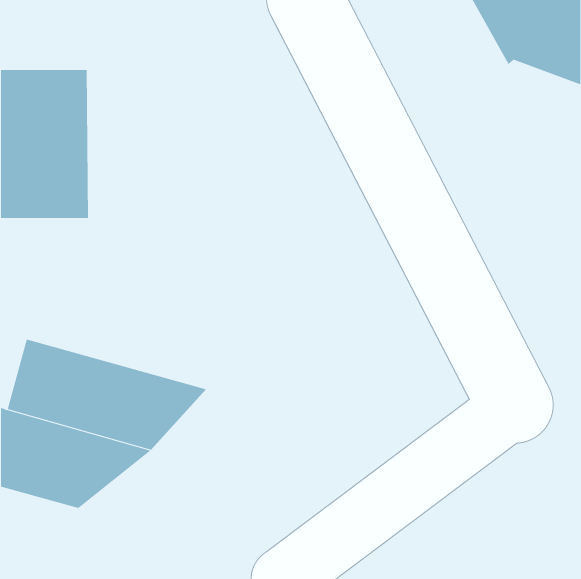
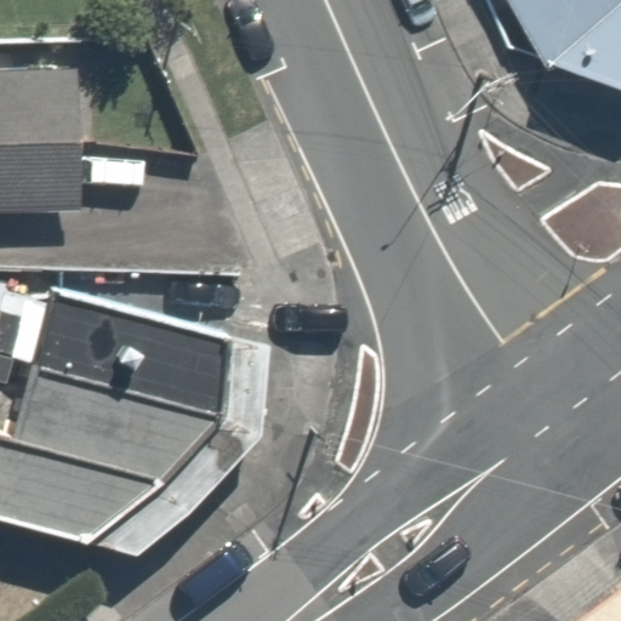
building: none -> [28,287,226,415]

